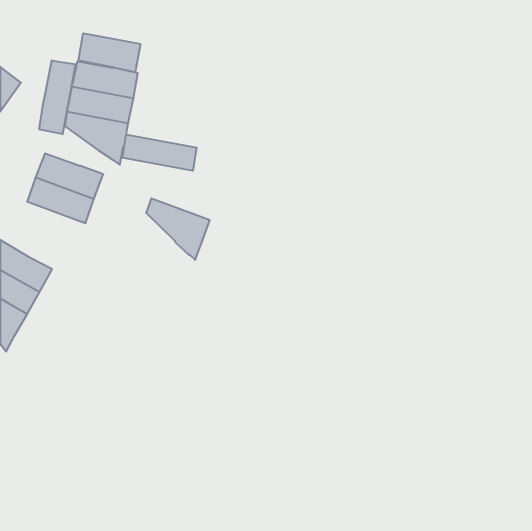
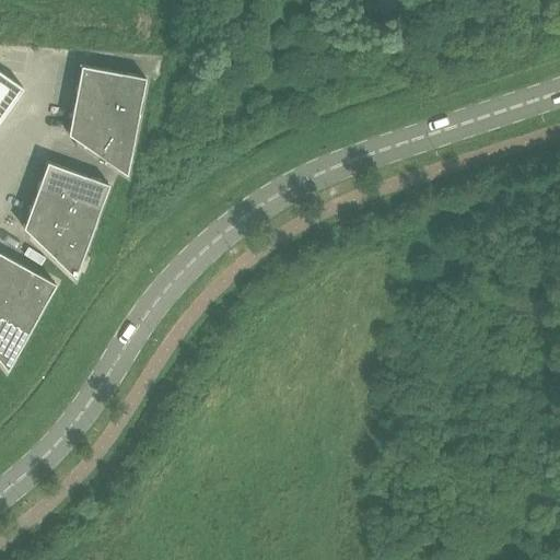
building: [79,33,140,72] -> none
building: [39,60,76,134] -> none
building: [123,134,197,171] -> none
building: [146,198,210,260] -> [24,213,91,278]

